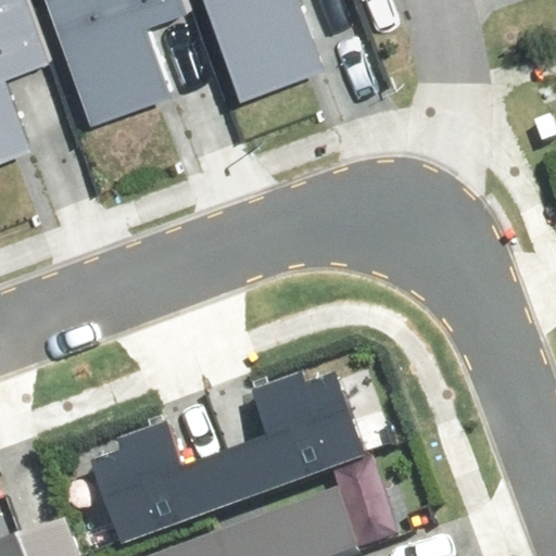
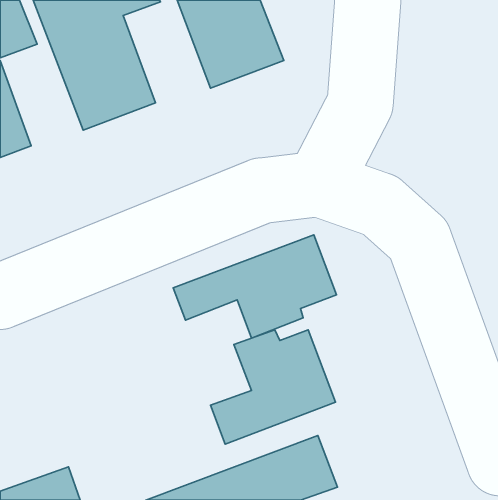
building: none -> [173,235,337,338]
building: [106,421,252,535] -> none

